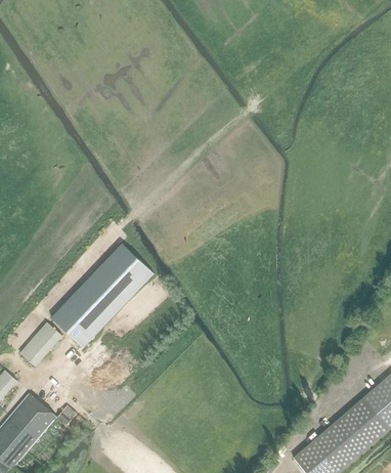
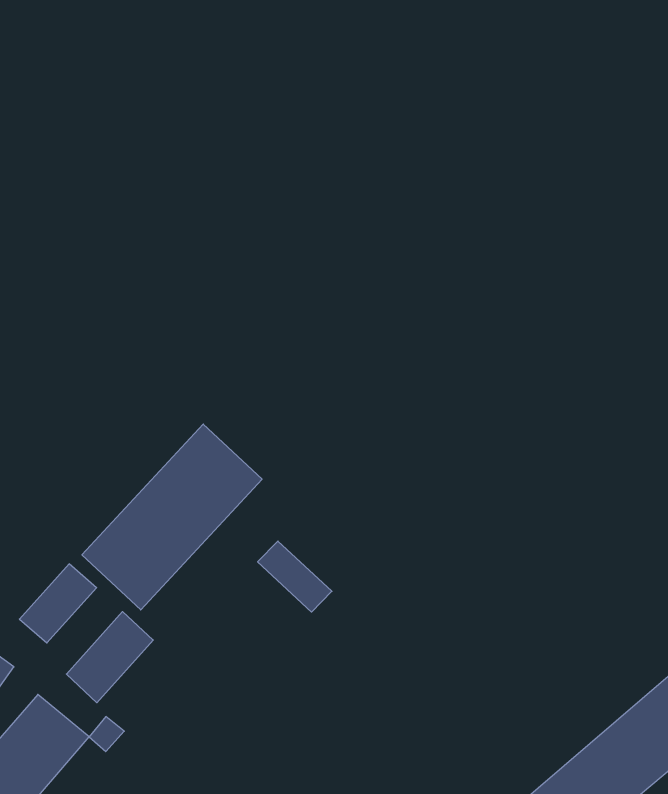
building: none -> [258,541,332,612]
building: none -> [66,612,153,703]

